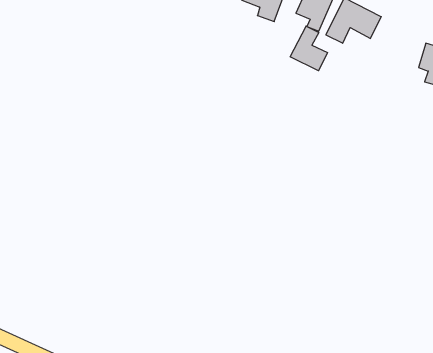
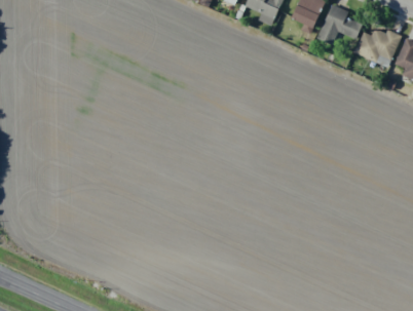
building: none -> [354,29,402,66]
building: [290,26,328,71] -> none

